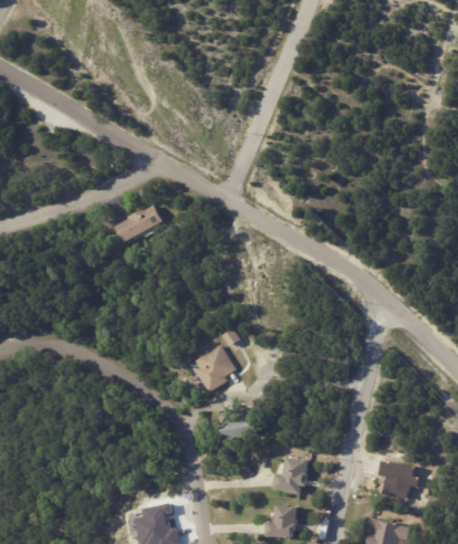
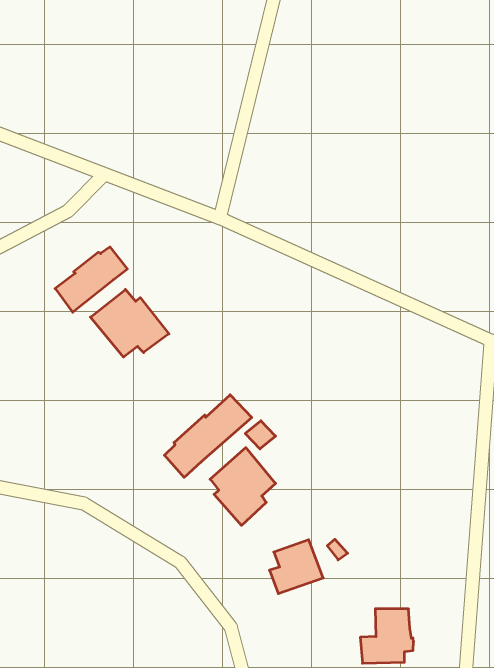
building: none -> [90,289,169,357]
building: none -> [164,395,252,477]

